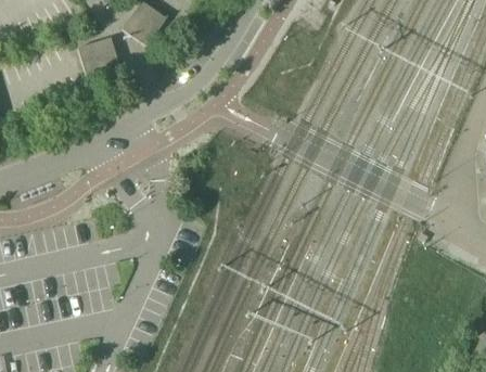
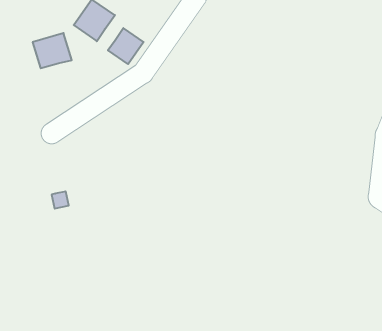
building: none -> [108,28,144,64]

